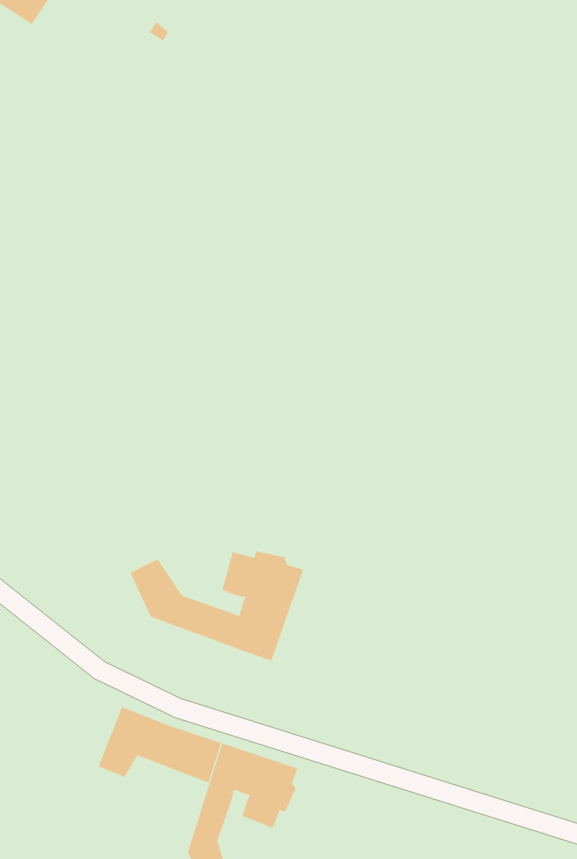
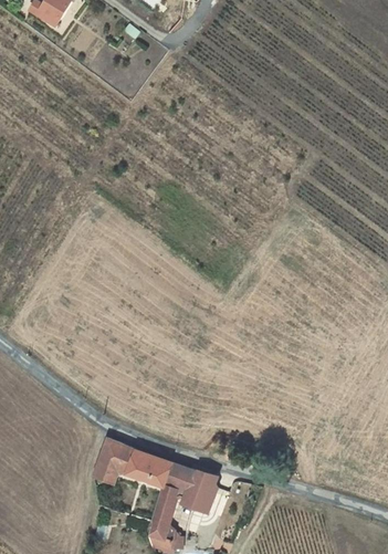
building: [130,550,304,662] -> none

